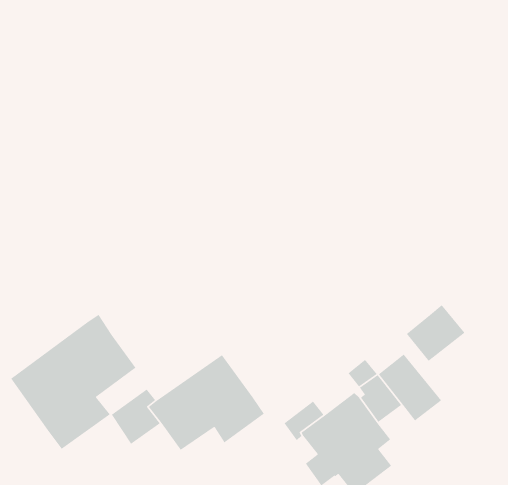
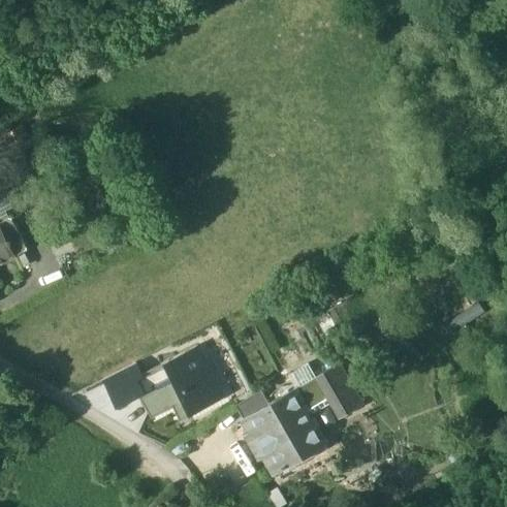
building: [406,304,465,362] -> none
building: [10,314,136,450] -> none

